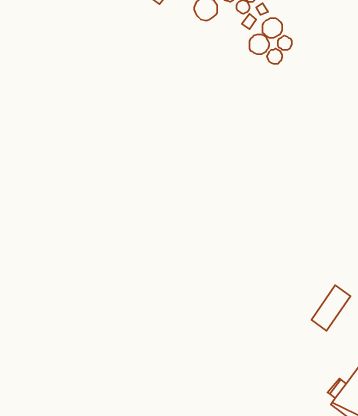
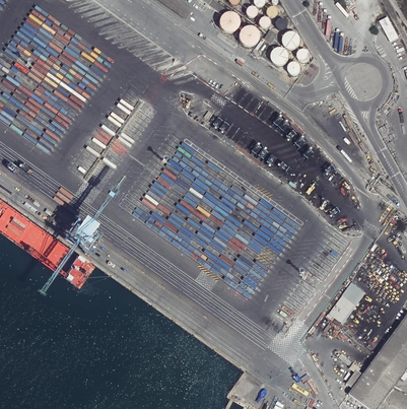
building: none -> [239,25,260,47]

